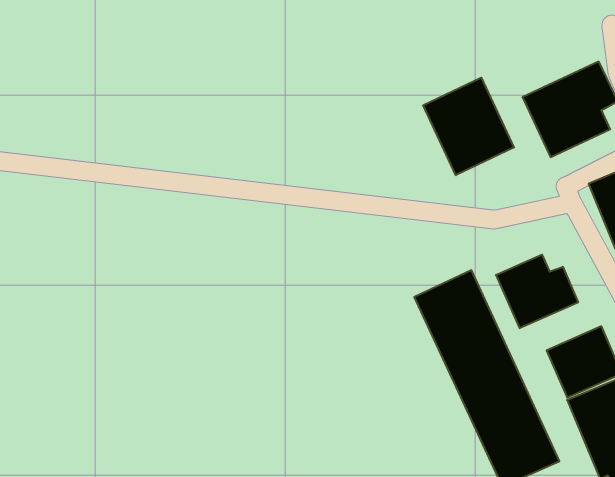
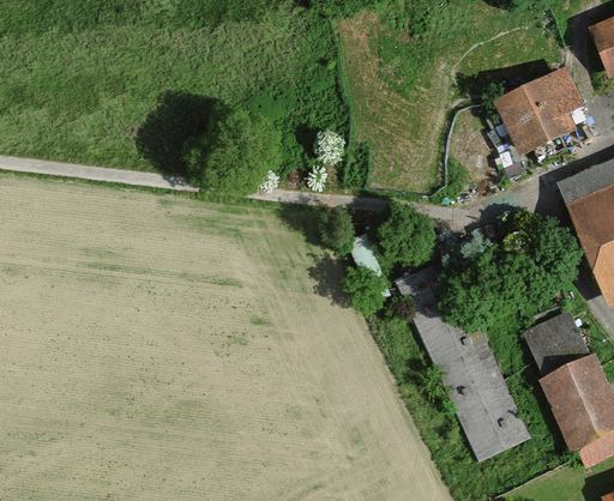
building: [423,78,514,175] -> none
building: [496,255,578,328] -> none

